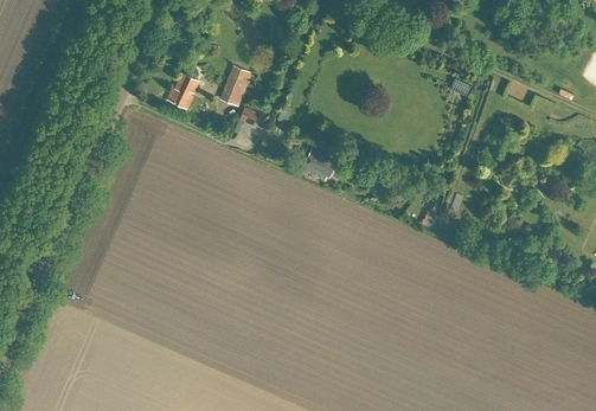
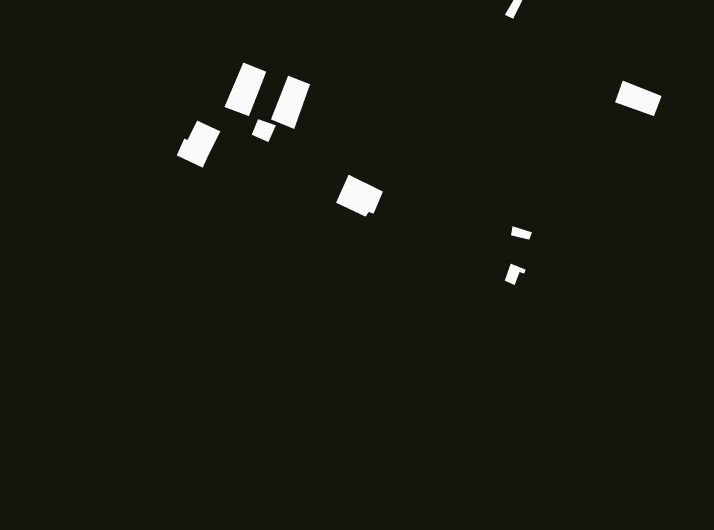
building: [167,73,200,109] -> [176,120,221,168]
building: none -> [270,75,311,130]

